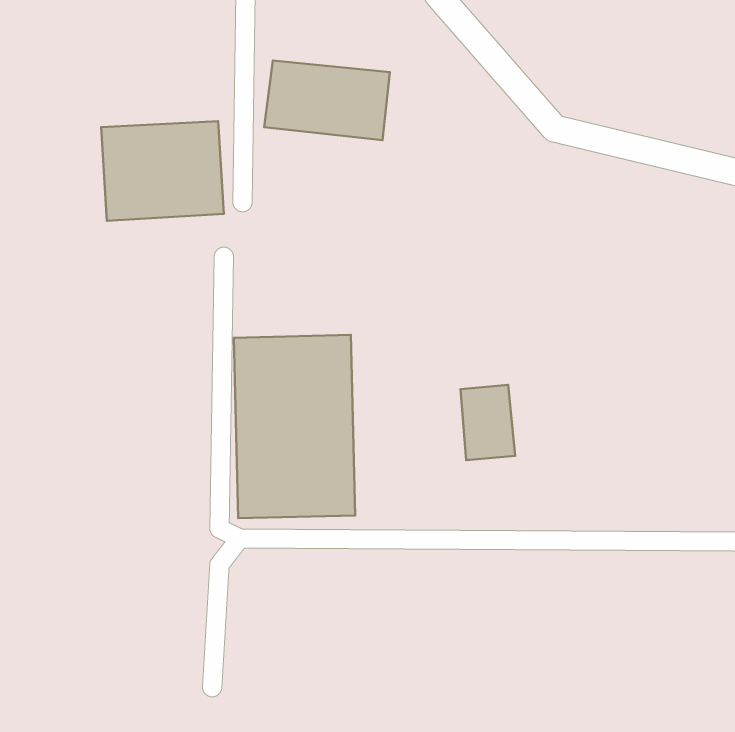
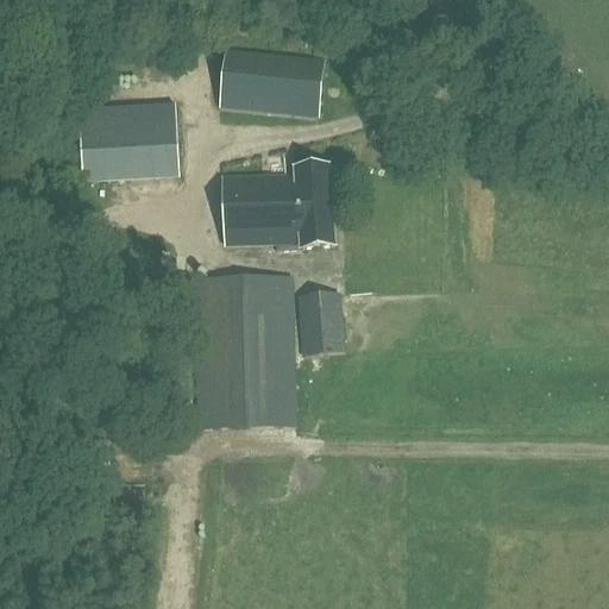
building: none -> [221,165,333,250]
building: [460,385,515,460] -> [297,293,343,354]

